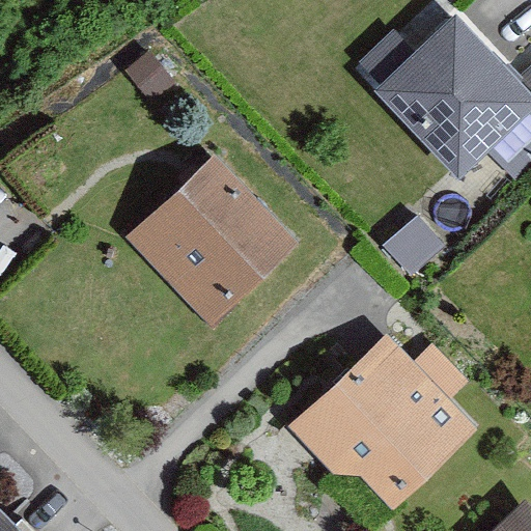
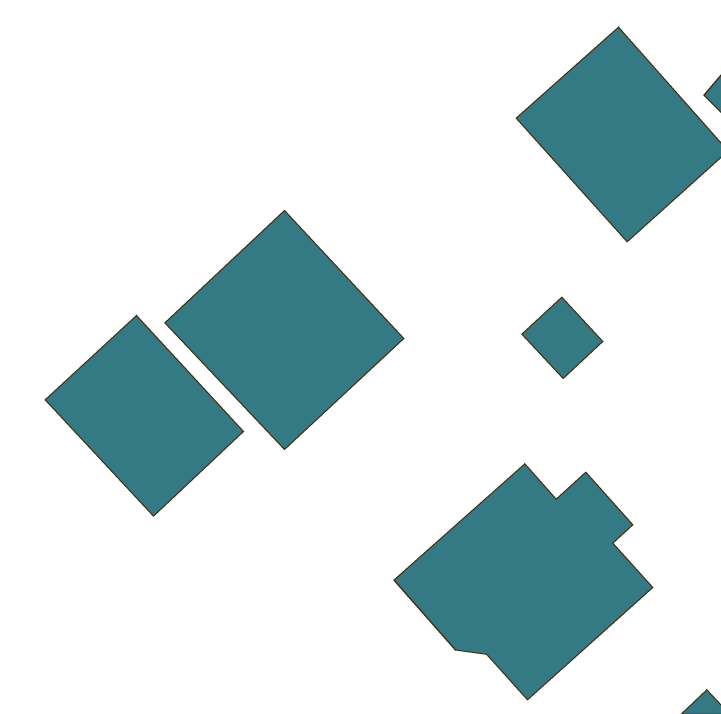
building: none -> [45,315,244,516]

